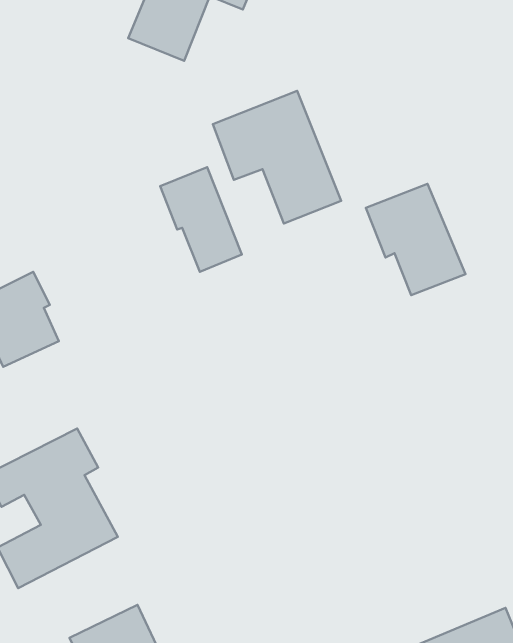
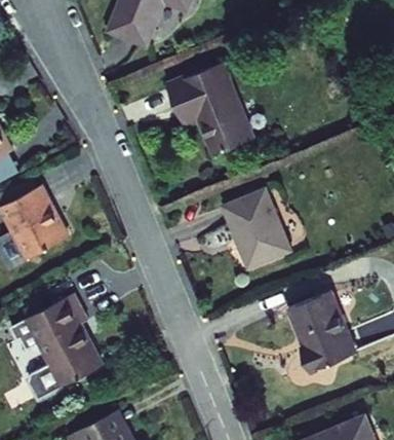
building: [160,167,242,272] -> none
building: [366,184,465,295] -> [222,188,289,264]
building: none -> [285,291,352,371]

